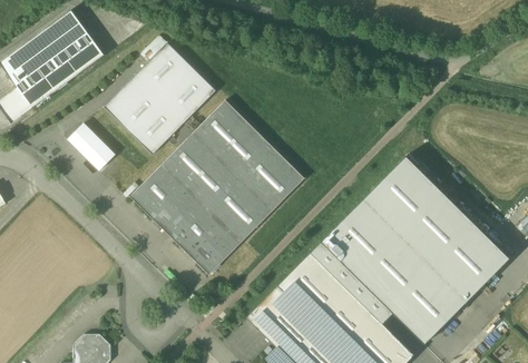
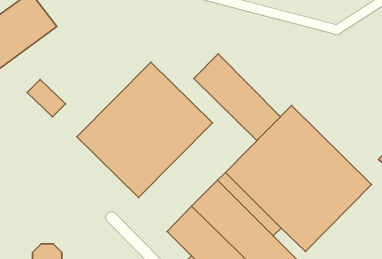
building: [105,43,216,155] -> none
building: none -> [194,54,280,141]

